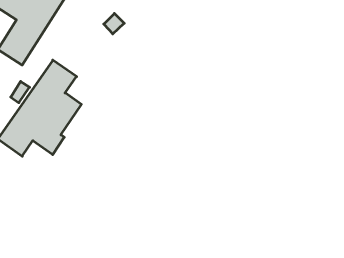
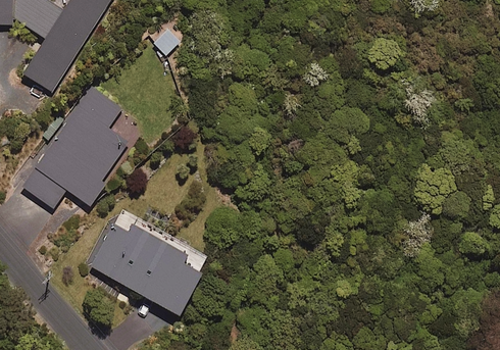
building: none -> [90,222,203,314]

